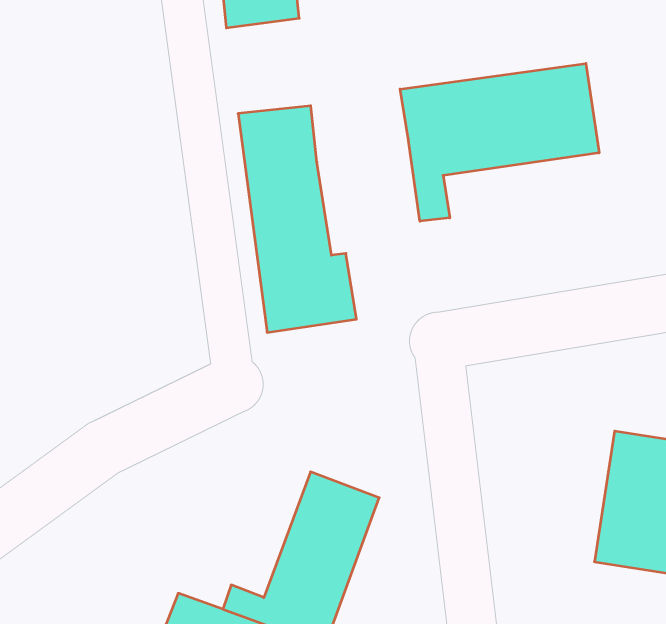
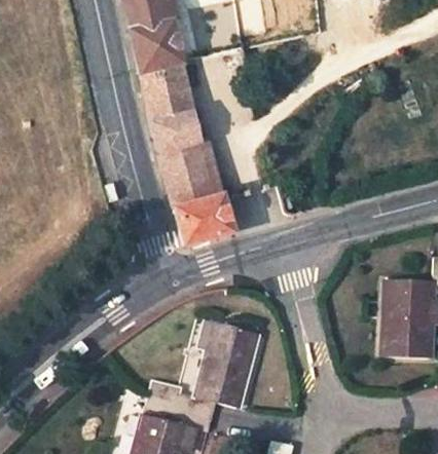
building: none -> [139,64,192,122]
building: [400,63,599,221] -> none

